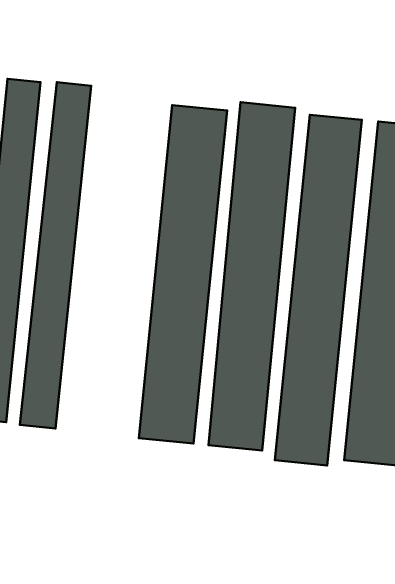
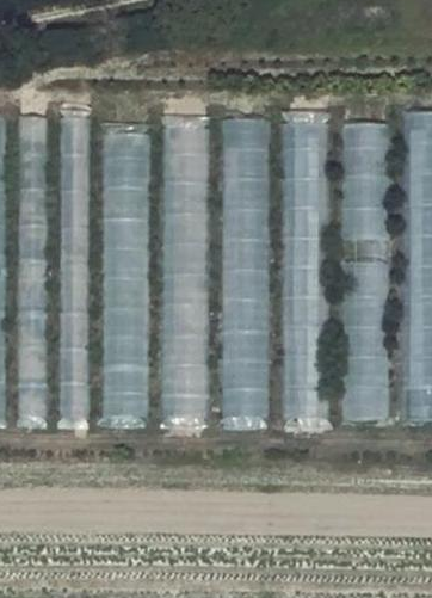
building: none -> [103,132,148,413]

